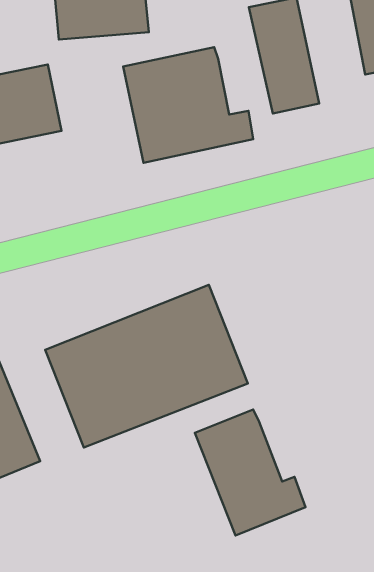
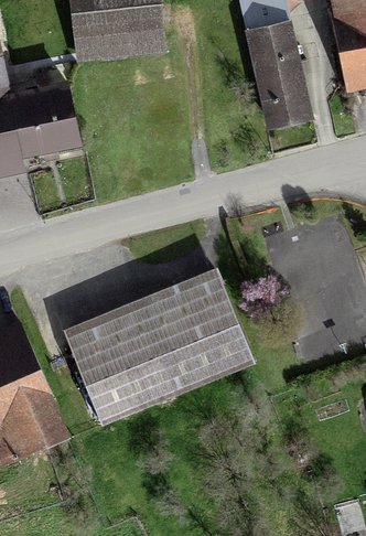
building: [123,47,253,163] -> none
building: [195,410,306,535] -> none

